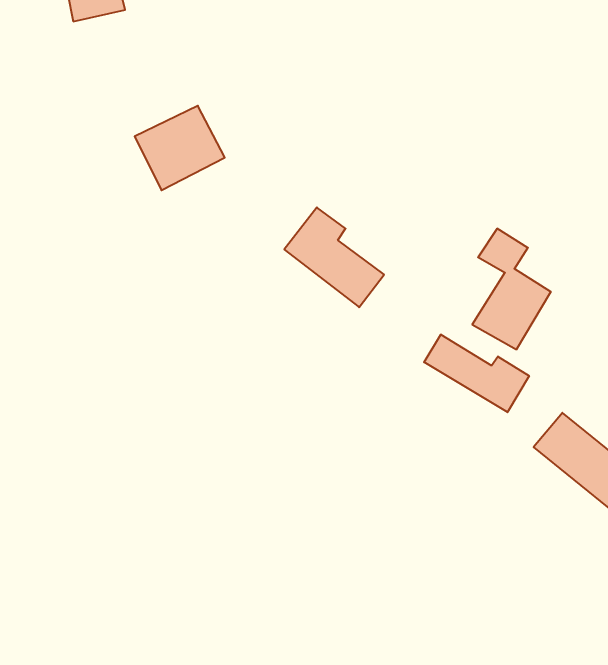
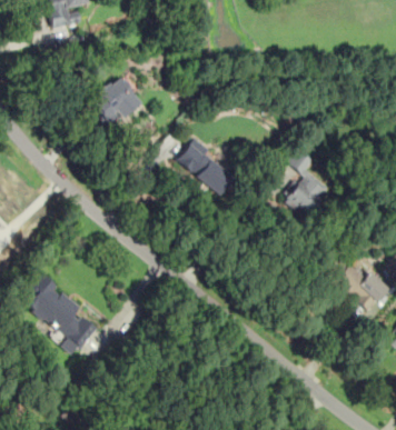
building: [424,334,529,412] -> none
building: none -> [20,273,98,358]

